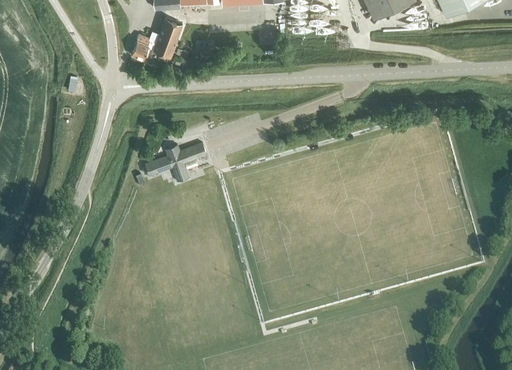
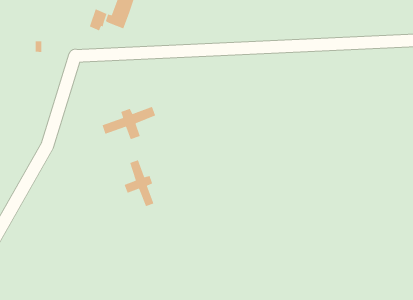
building: none -> [123,159,154,207]

